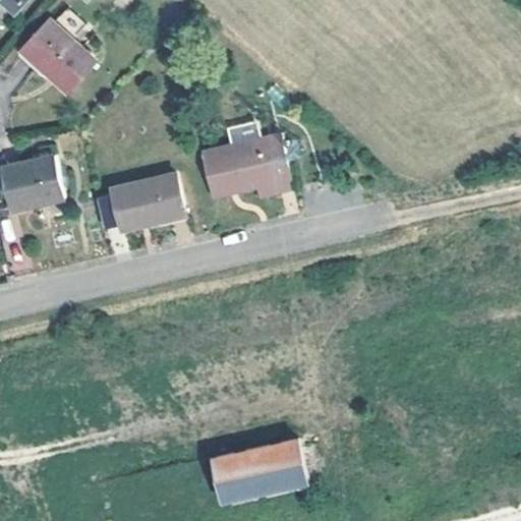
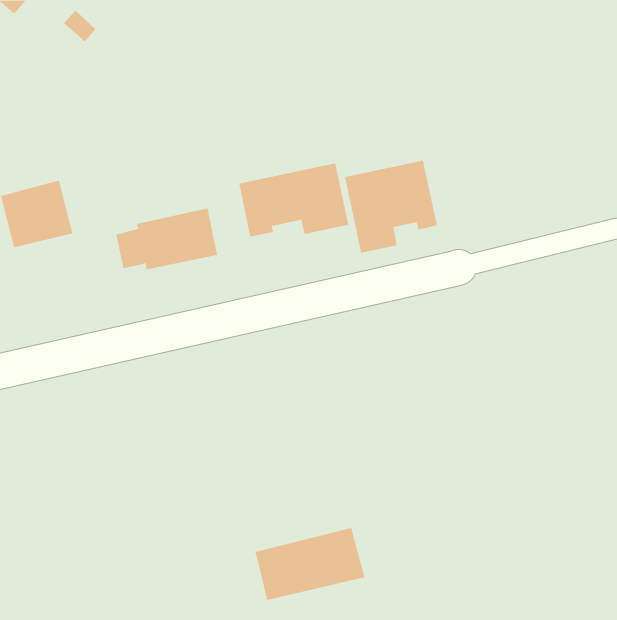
building: [23,21,94,92] -> none
building: none -> [345,160,438,253]

